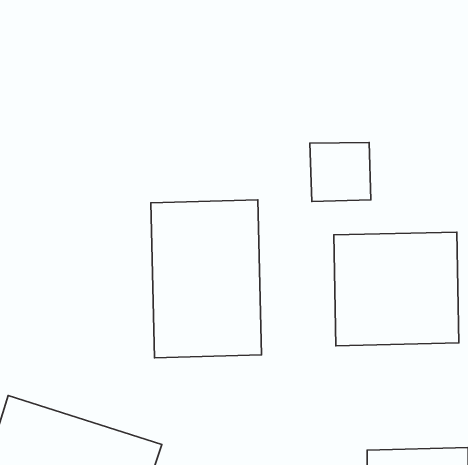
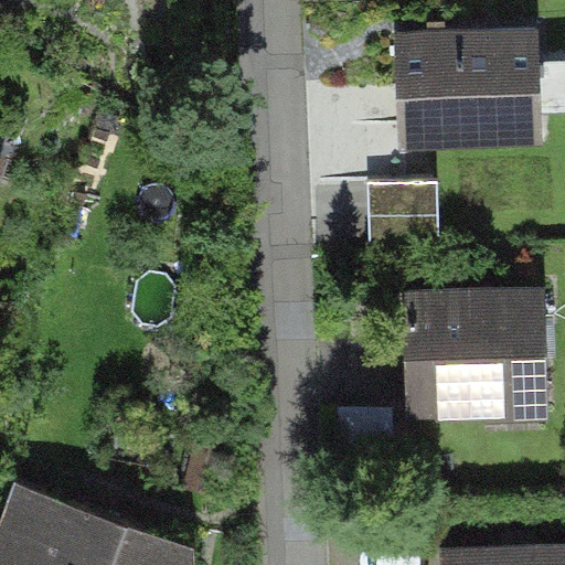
building: none -> [398,36,543,154]
building: [151,200,261,358] -> none

